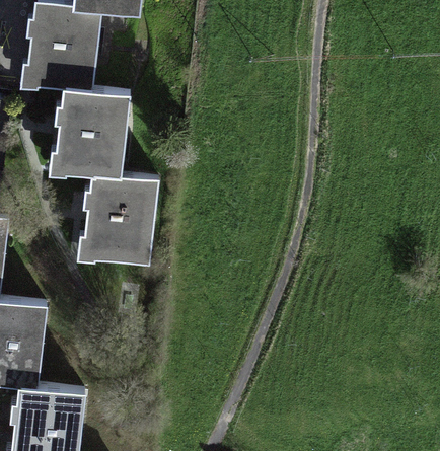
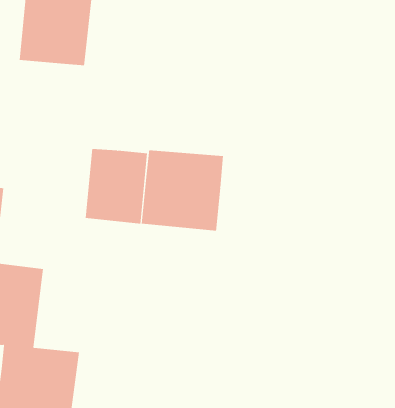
building: [57,90,135,180] -> none
building: none -> [141,150,224,232]

